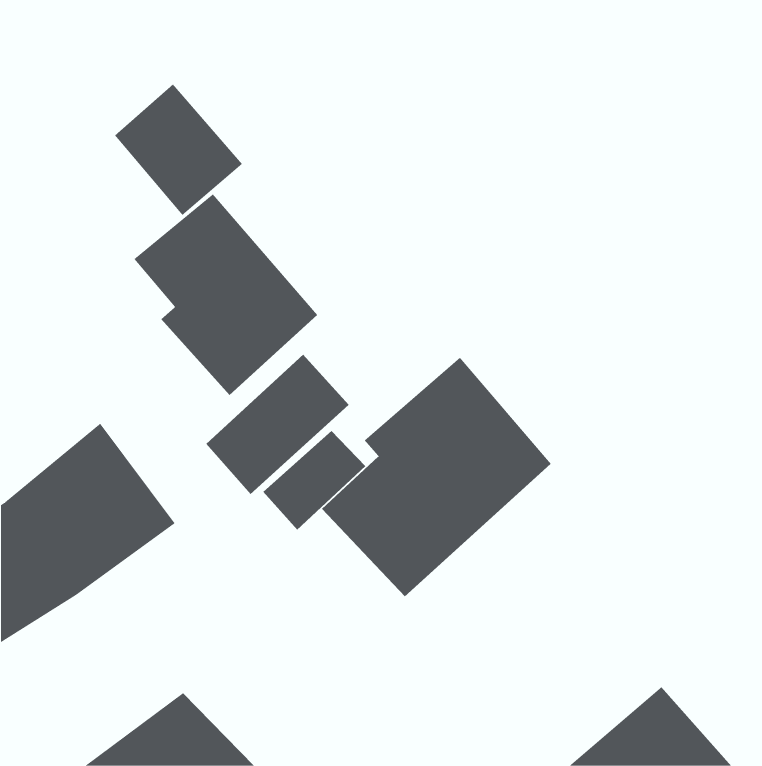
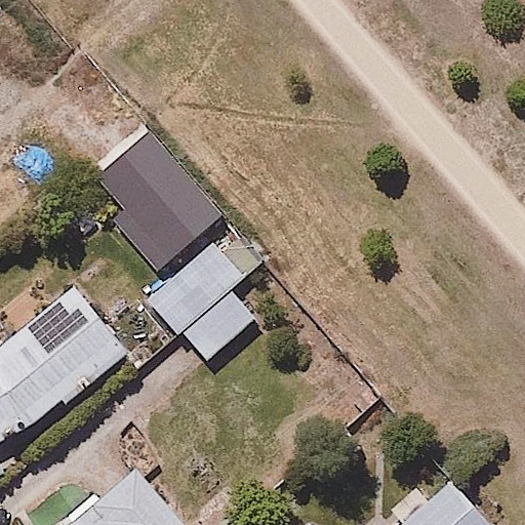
building: [114,83,243,216] -> none
building: [321,357,552,597] -> none

